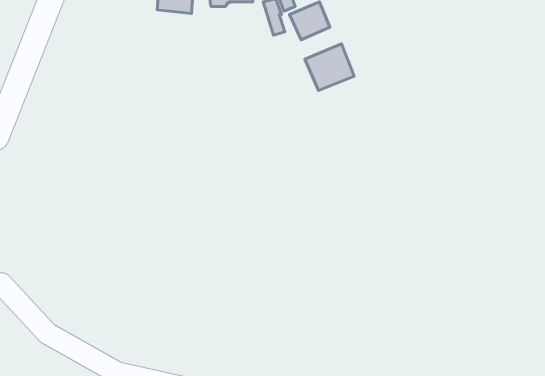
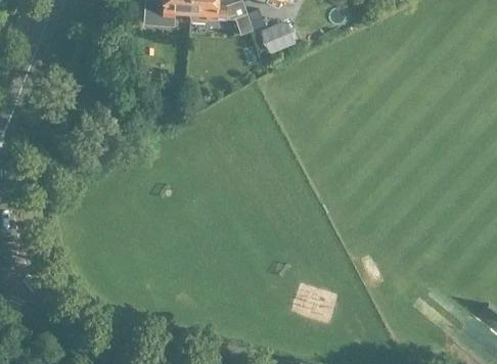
building: [305,44,354,91] -> none

